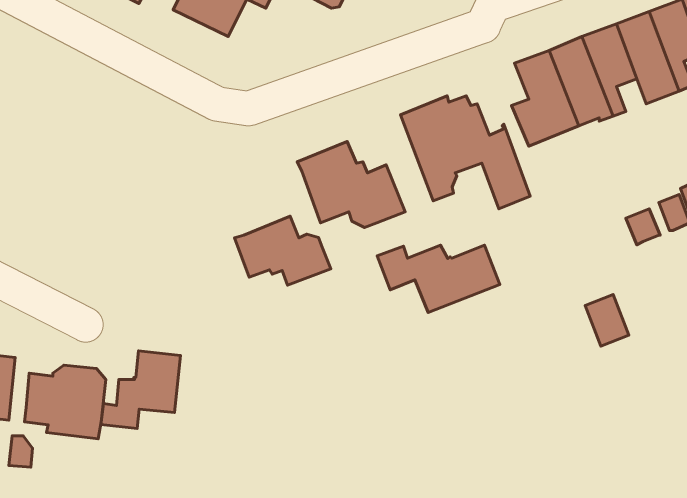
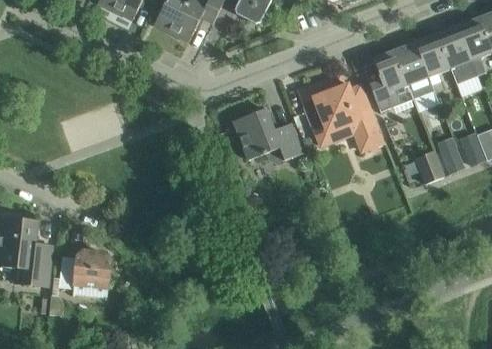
building: [235,216,331,285] -> none
building: [377,245,500,312] -> none
building: [585,295,629,346] -> [415,152,443,185]
building: [101,351,181,429] -> none

